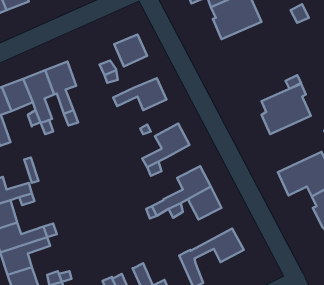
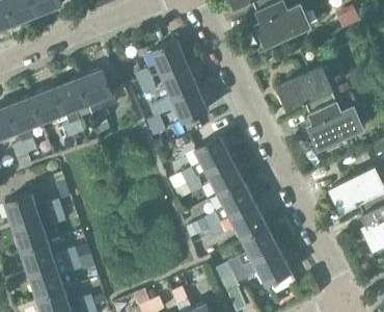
building: none -> [162,64,197,99]
building: none -> [278,69,335,113]
building: none -> [208,160,244,196]
building: none -> [228,228,278,274]

